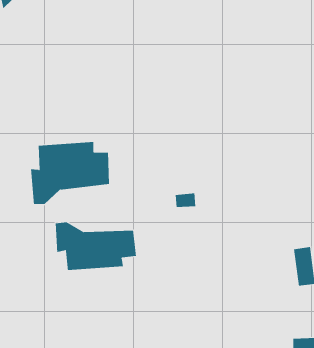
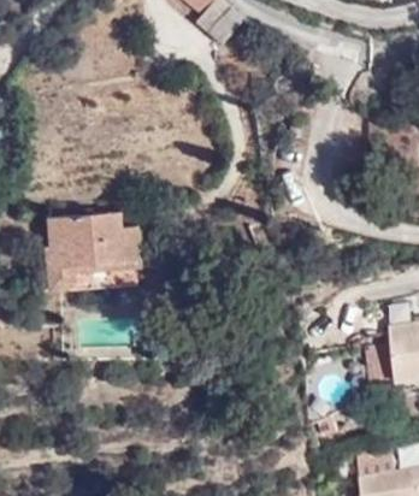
building: [55,221,136,271] -> none

